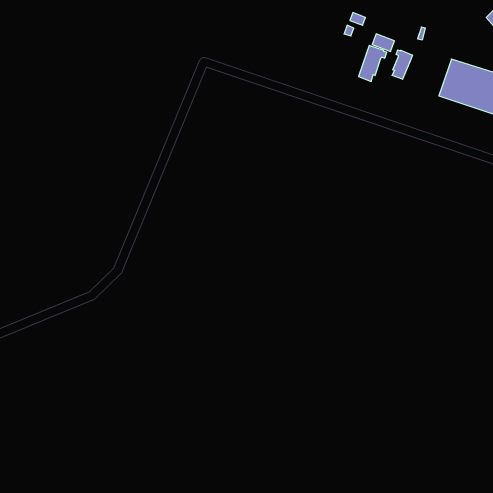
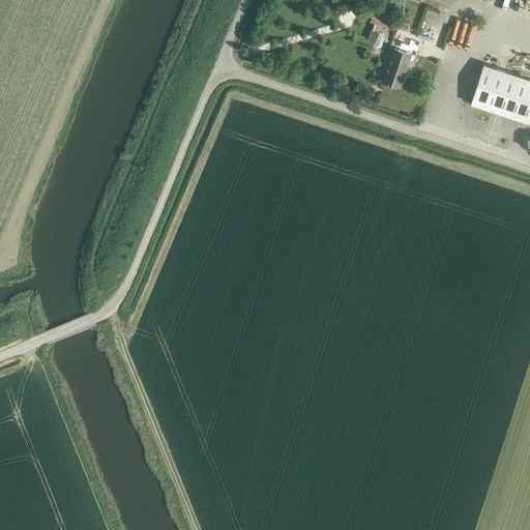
building: [392,50,412,79] -> none

